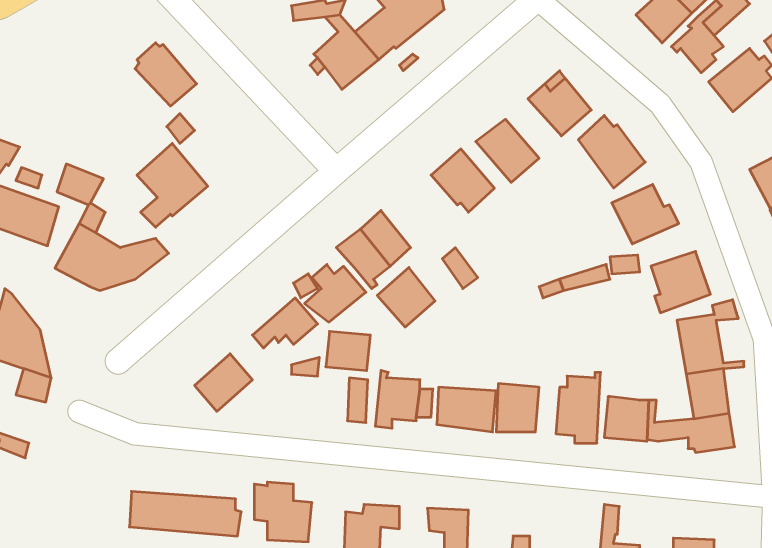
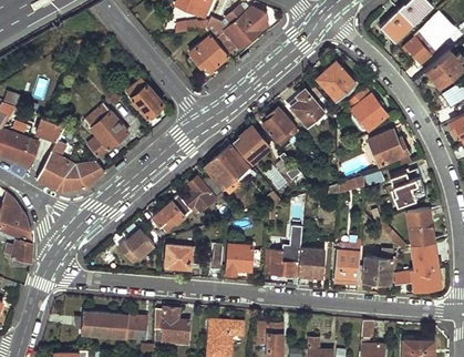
building: [135,43,197,106] -> [126,79,163,116]
building: [377,267,435,327] -> [235,130,269,165]
building: [326,331,370,371] -> [167,246,194,269]

